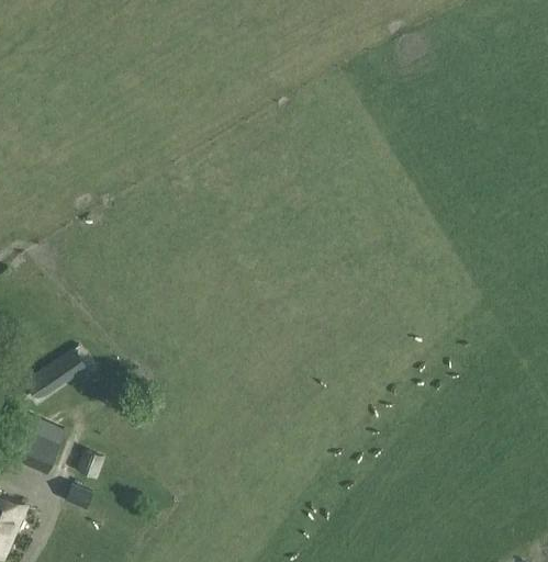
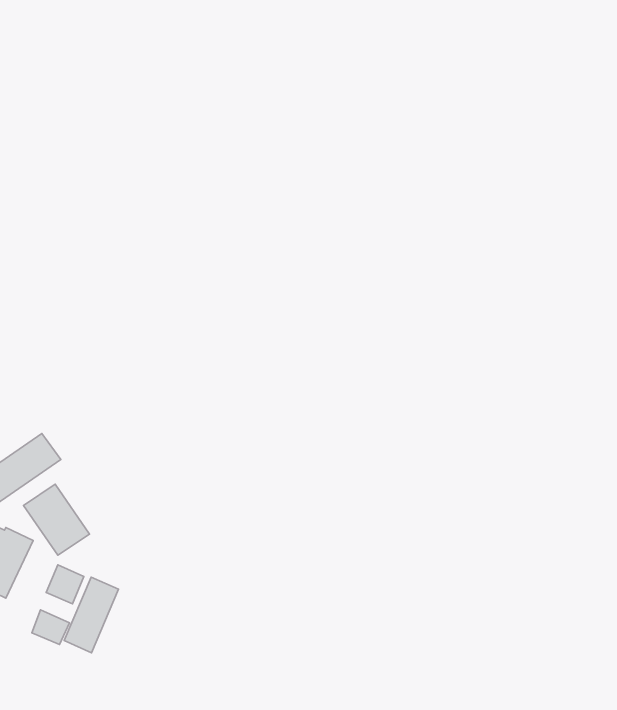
building: none -> [24,484,89,555]
building: none -> [64,577,118,653]

